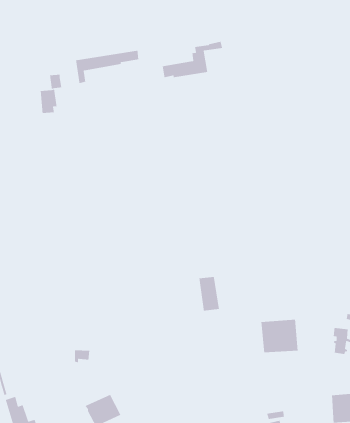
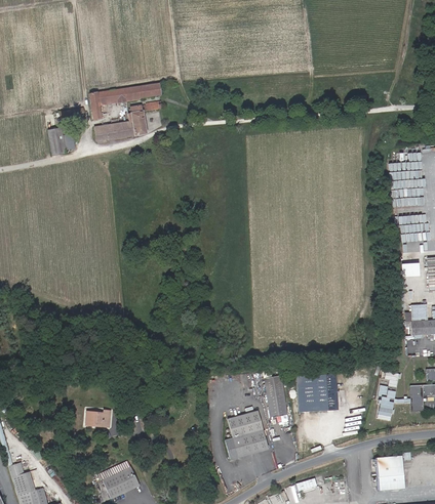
building: [162,41,223,78] -> [95,98,163,139]
building: [199,276,220,311] -> [268,379,291,418]
building: none -> [225,414,268,462]

